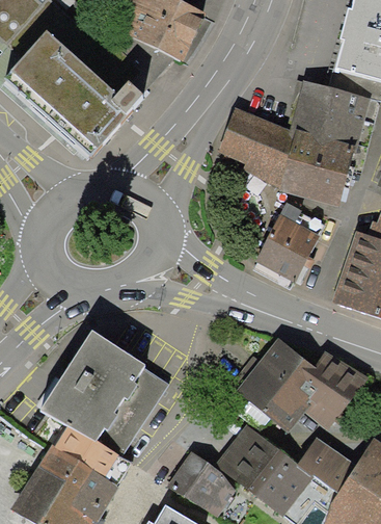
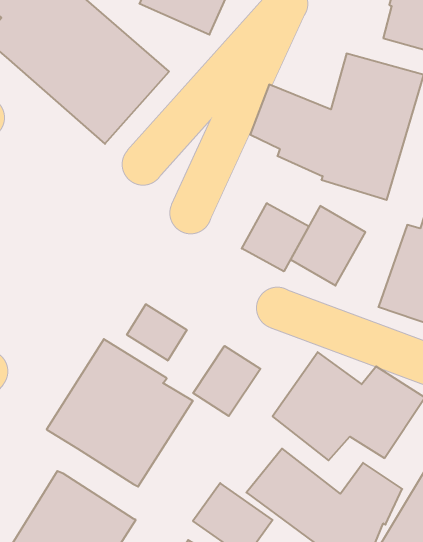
building: none -> [242,203,309,271]
building: none -> [127,304,187,361]
building: none -> [193,346,260,416]
building: [56,424,132,486] -> none

